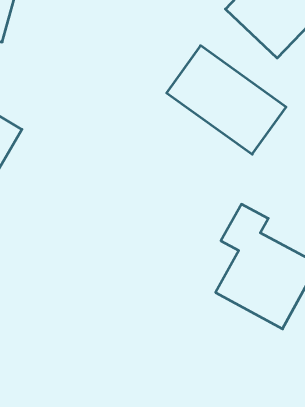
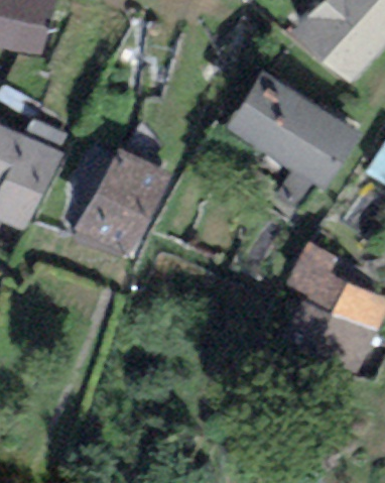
building: none -> [73,144,173,268]

